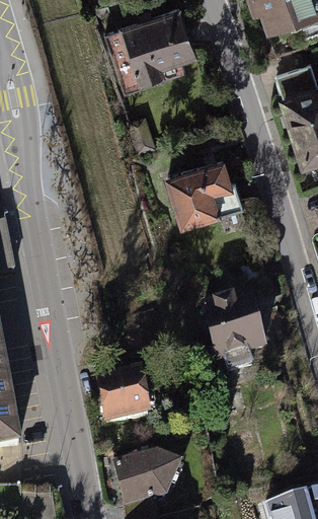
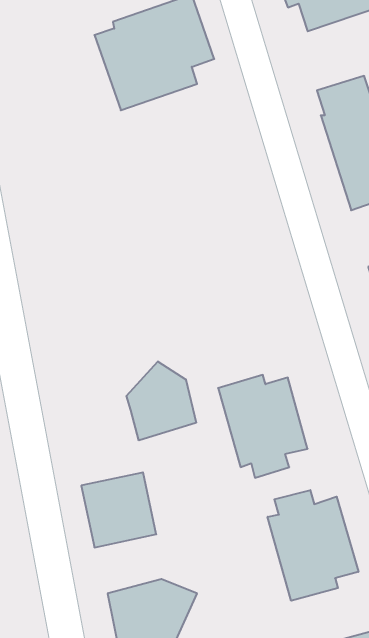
building: [163,153,242,224] -> none
building: none -> [126,361,196,440]
building: none -> [268,490,358,601]

